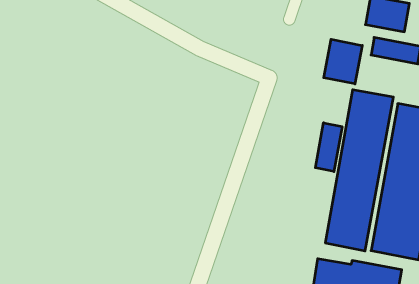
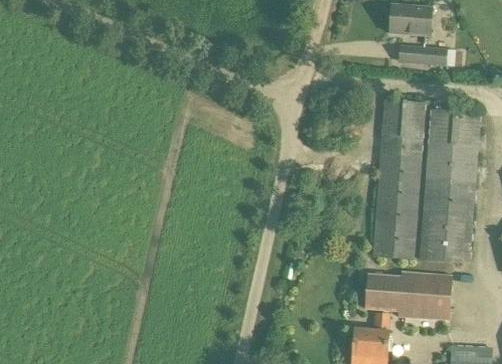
building: [324,39,362,84] -> none
building: [315,123,342,172] -> none

